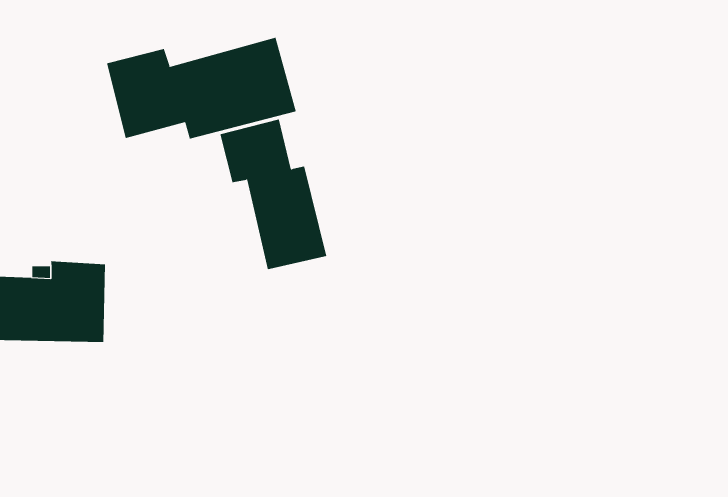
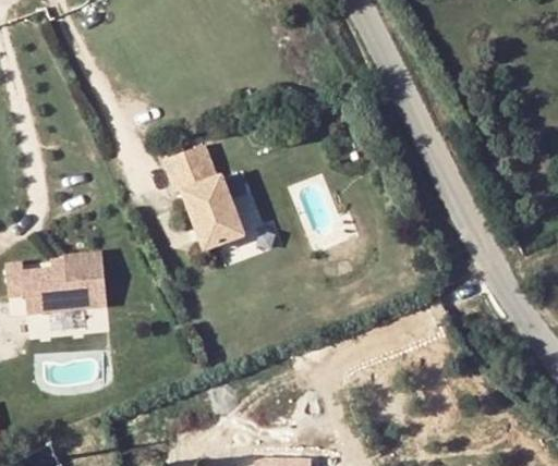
building: [106,37,296,139] -> none

